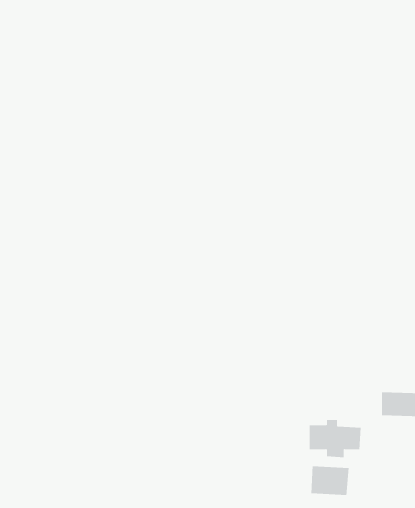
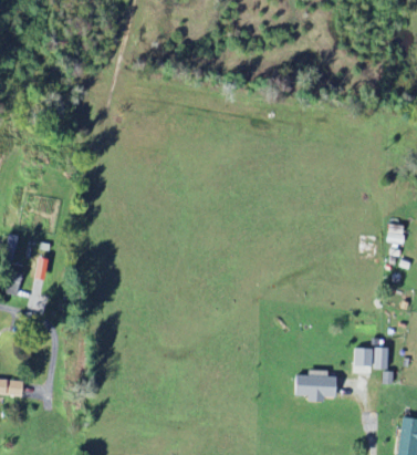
building: [311,465,349,496] -> none

